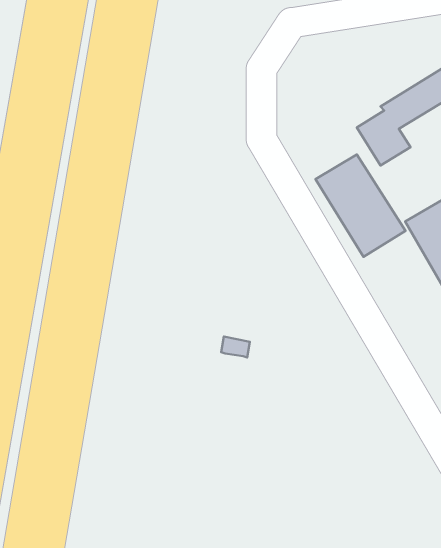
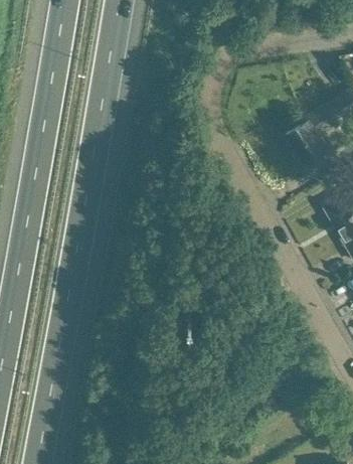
building: [315,155,405,257] -> none

